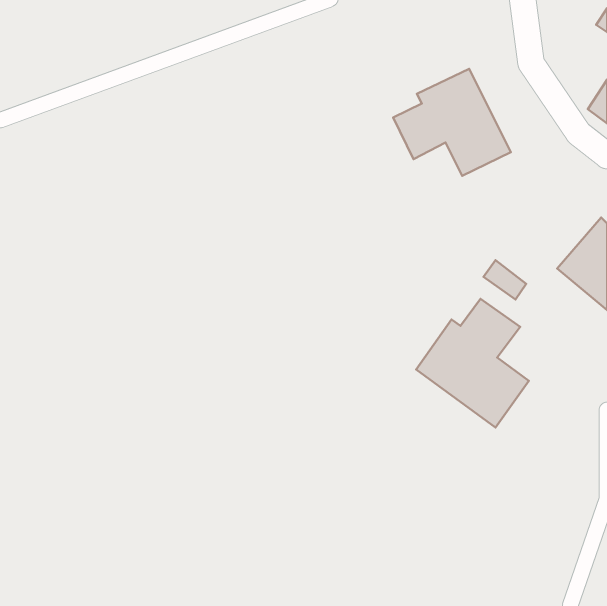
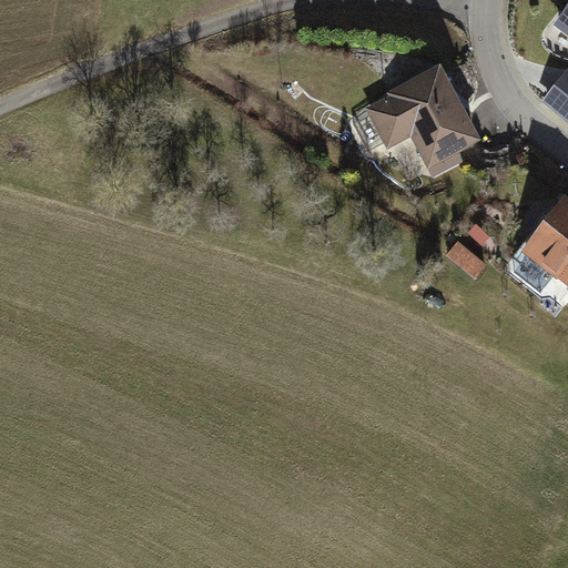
building: [416,299,529,427] -> none

